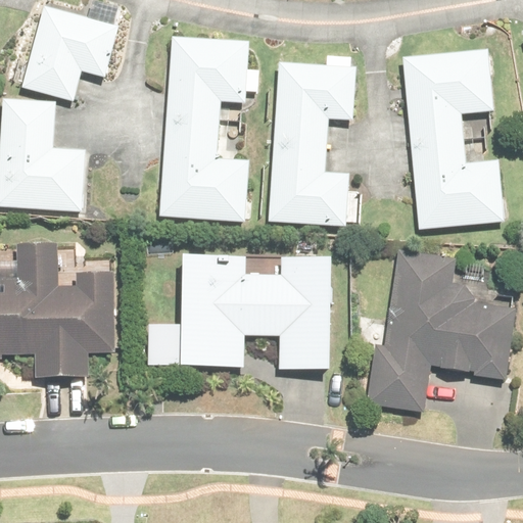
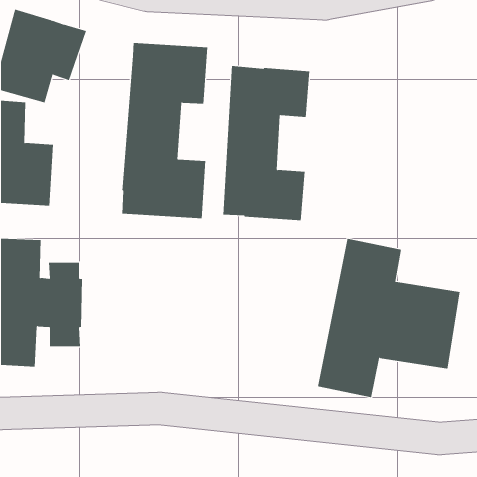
building: [387,56,483,243] -> none
building: [164,259,324,382] -> none

